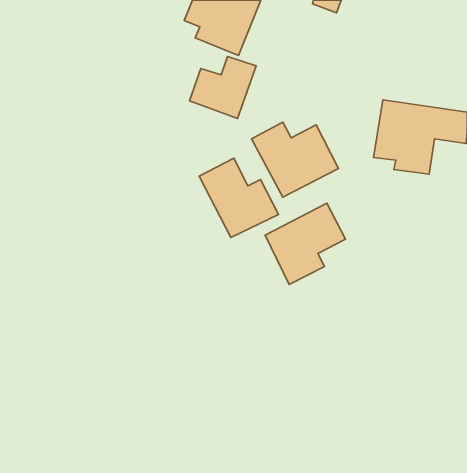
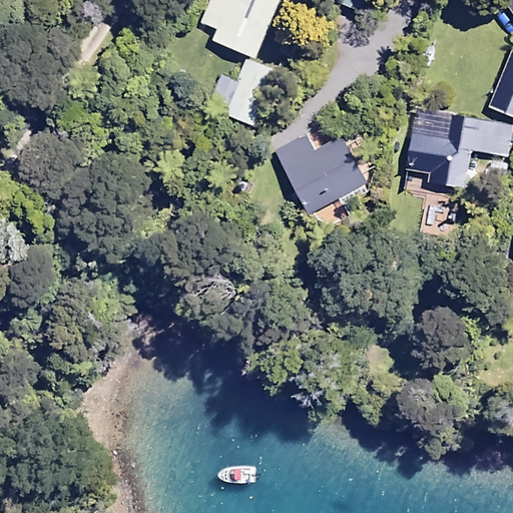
building: [199,158,278,238] -> none
building: [265,203,346,284] -> none

